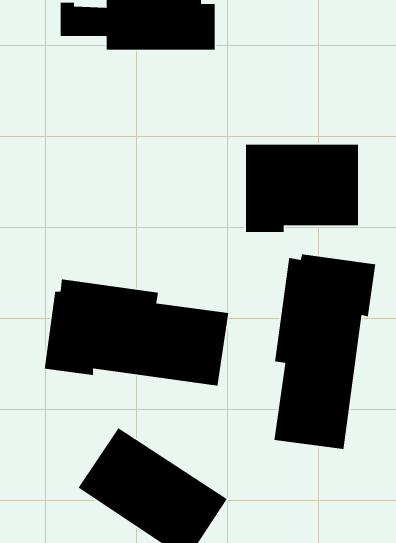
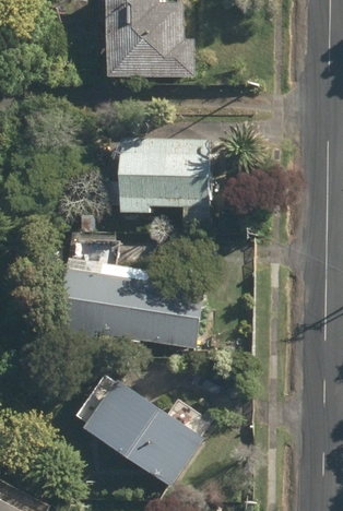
building: [245,144,359,233] -> [117,140,209,212]
building: [273,253,376,450] -> none

